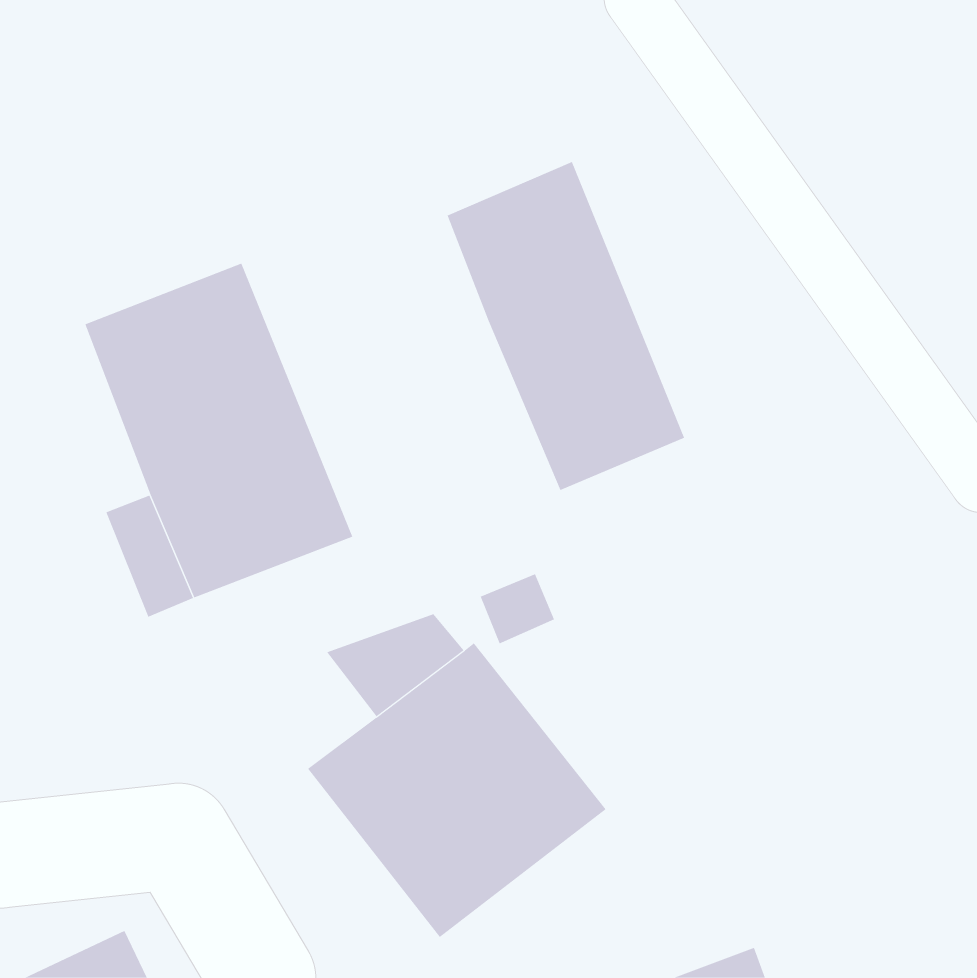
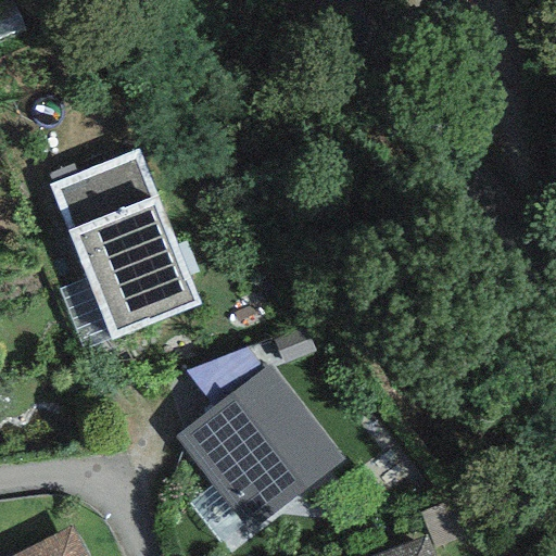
building: [447,161,685,491] -> none

